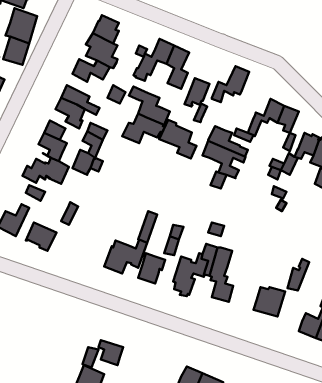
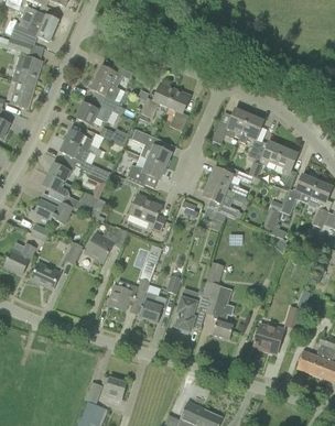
building: [185,78,210,122] -> [238,114,262,157]
building: [159,120,196,158] -> [129,194,165,231]
building: none -> [84,223,128,262]

